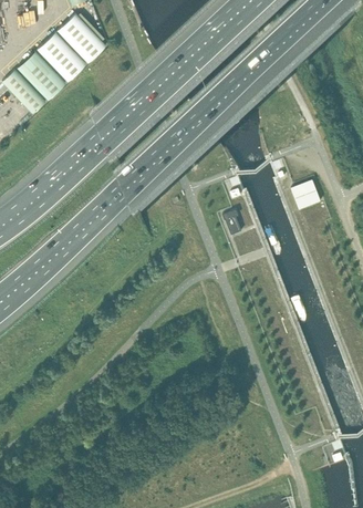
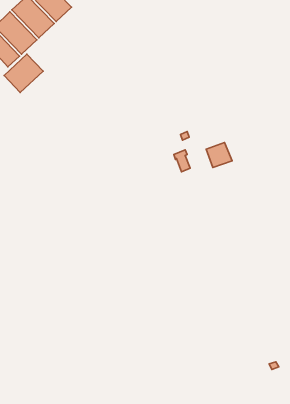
building: none -> [4,54,43,92]
building: [291,180,321,209] -> [206,142,232,167]

